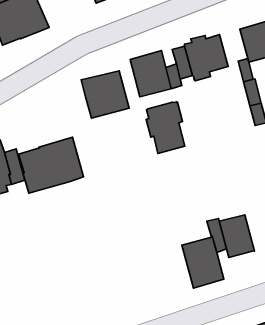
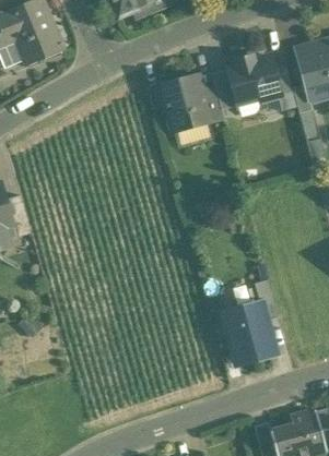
building: [81,71,129,118] -> none
building: [146,102,185,153] -> none
building: [19,137,84,193] -> none
building: [219,215,254,257] -> none

